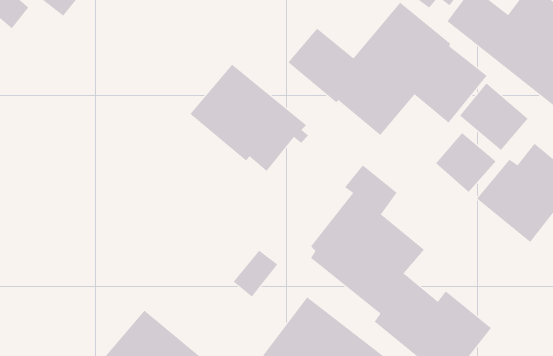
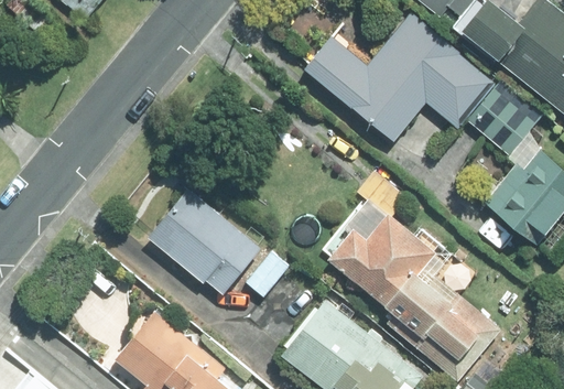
building: [190,64,309,172] -> [144,188,260,293]
building: [435,132,496,193] -> none

